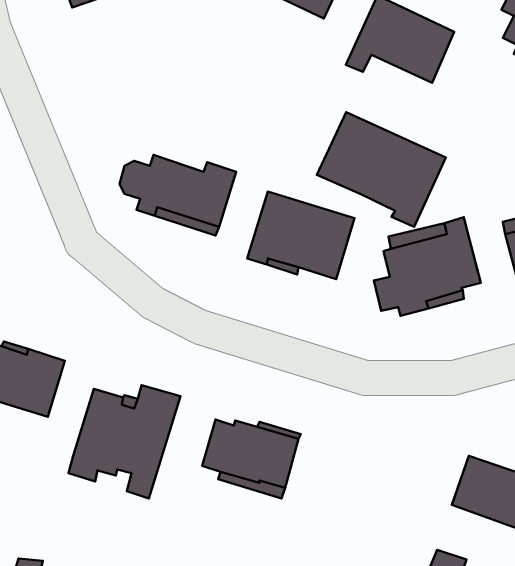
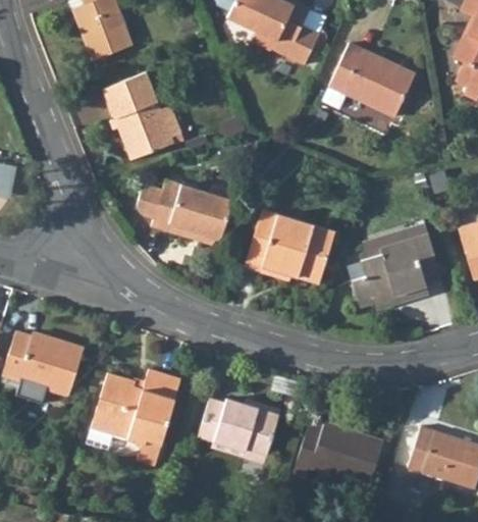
building: none -> [102,66,171,155]
building: [317,112,446,227] -> none
building: none -> [296,420,386,486]

